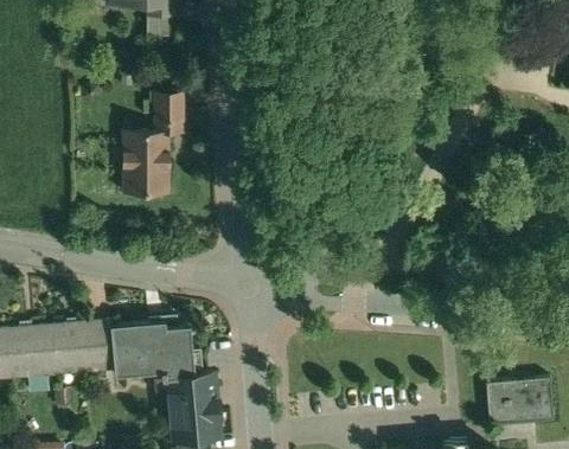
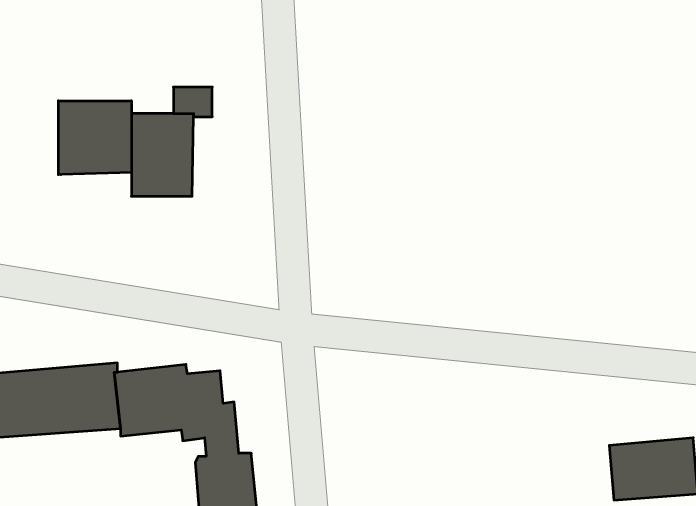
building: none -> [58,101,131,175]

